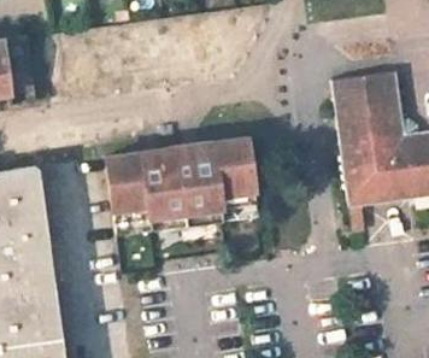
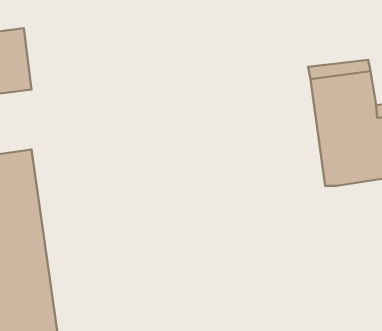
building: [105,135,259,233] -> none

